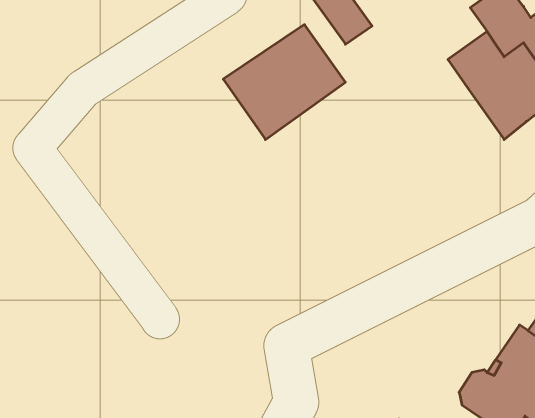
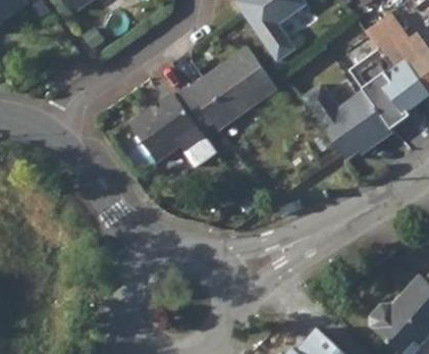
building: none -> [302,85,392,160]
building: none -> [128,86,214,166]

